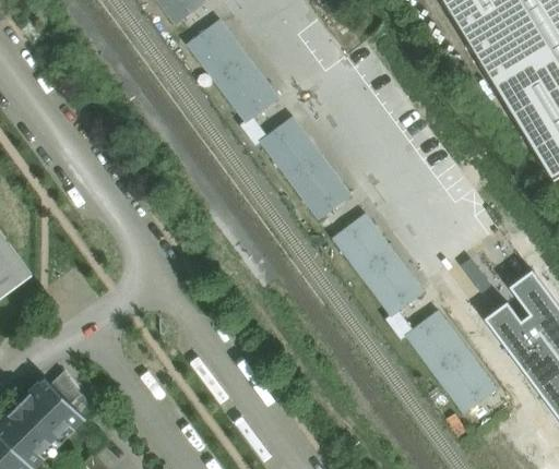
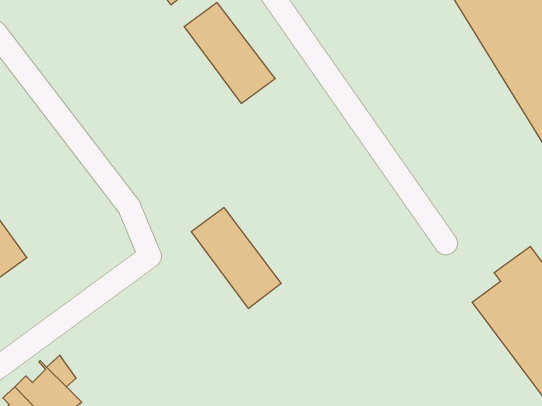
building: [261,118,350,218] -> [191,208,281,309]
building: [334,215,424,314] -> none
building: [406,311,496,411] -> none

